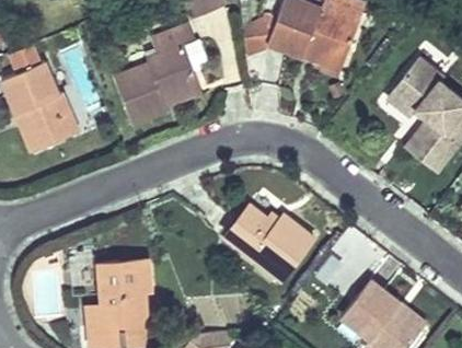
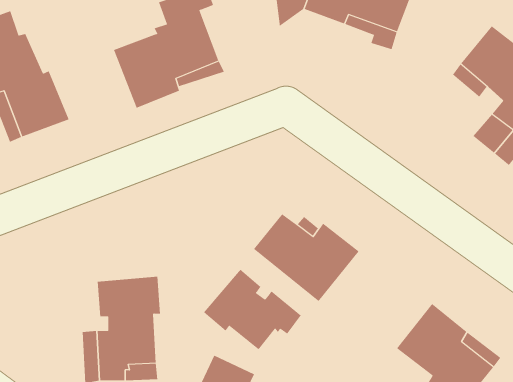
building: none -> [203,269,301,350]

